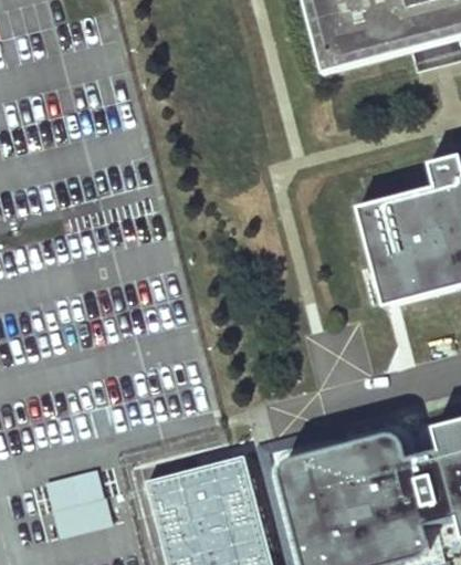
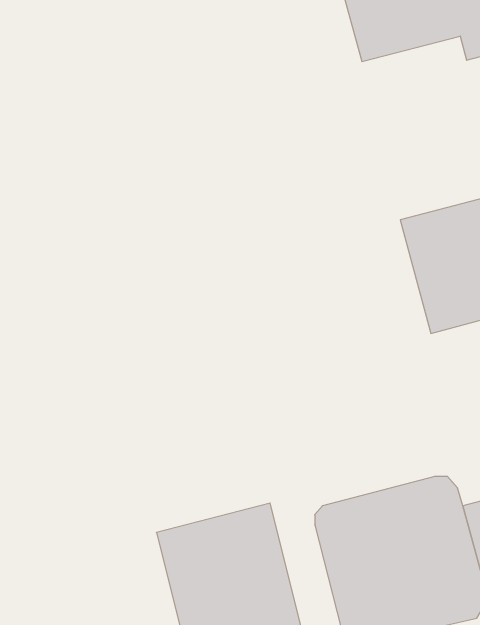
building: [43,471,112,542] -> none

